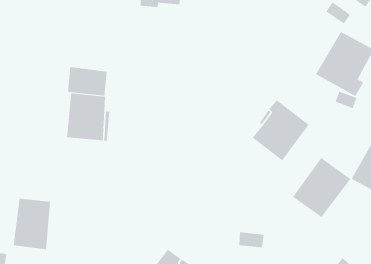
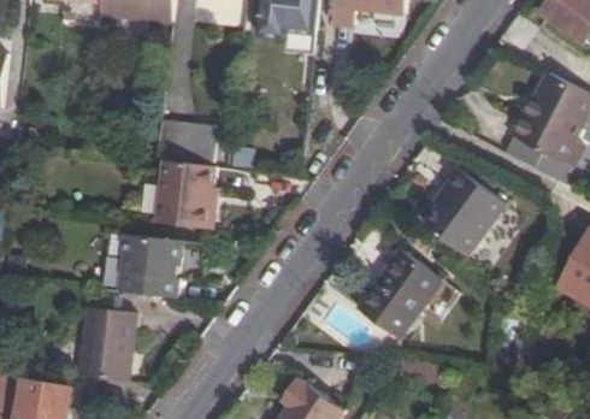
building: none -> [118,236,181,299]
building: [292,157,351,218] -> [359,249,443,336]

